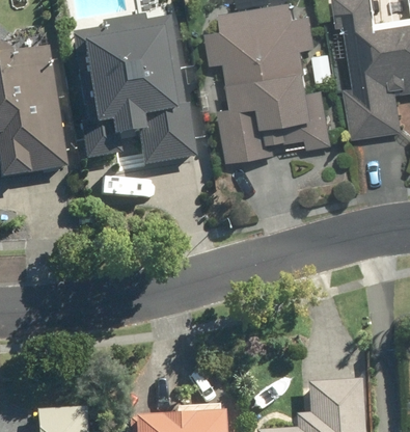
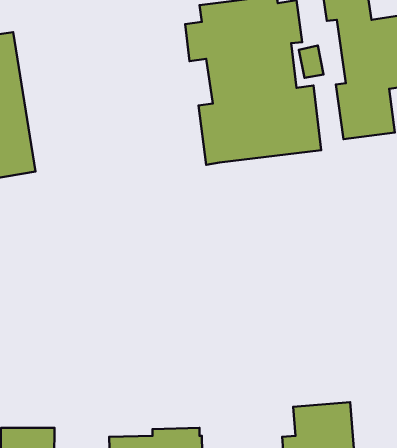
building: [72,17,194,167] -> none

